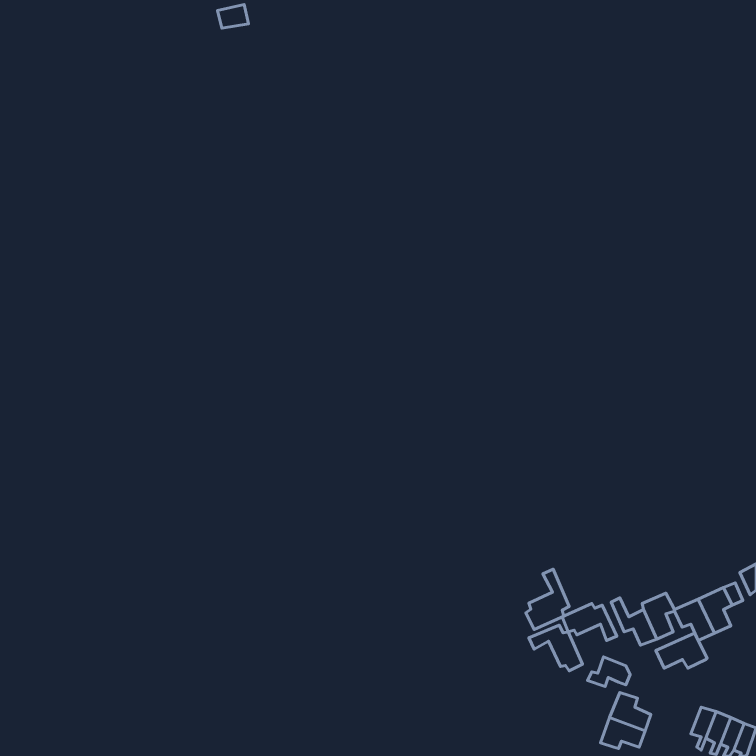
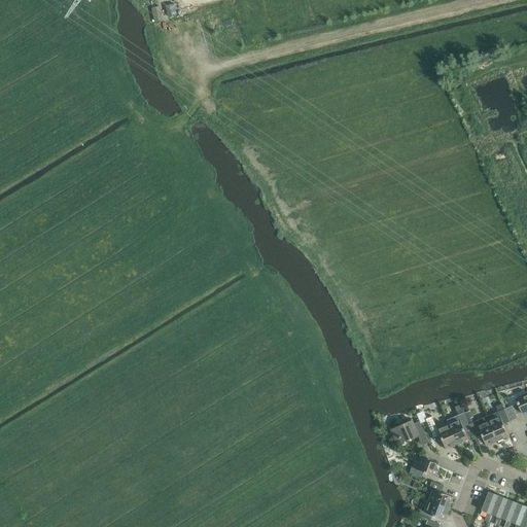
building: [526,569,569,630] -> none
building: [529,625,583,671] -> none
building: [656,633,707,668] -> none

